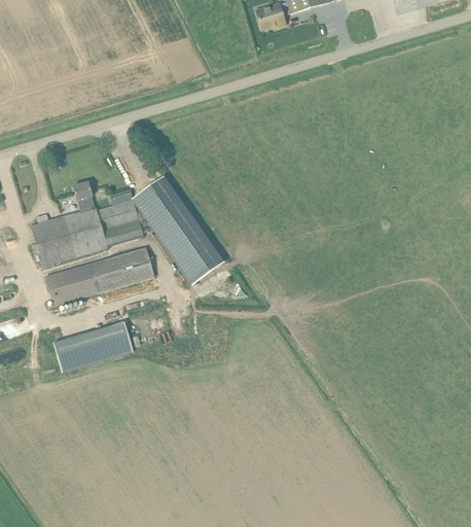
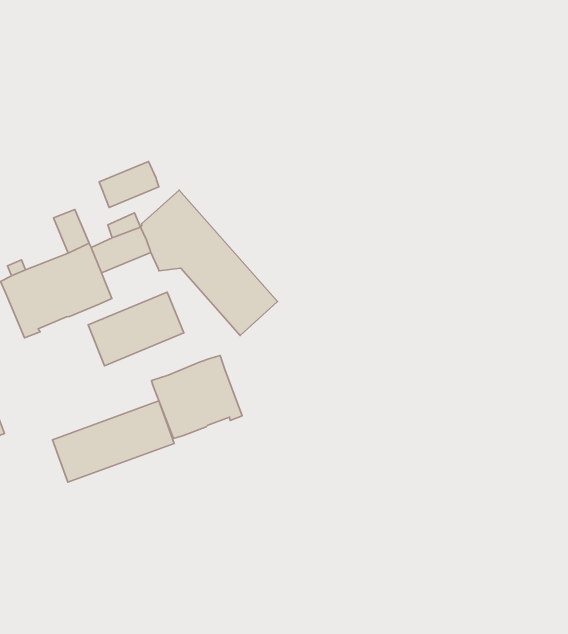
building: [102,217,143,246] -> [99,161,159,207]
building: [45,262,97,305] -> none
building: none -> [151,356,242,439]

